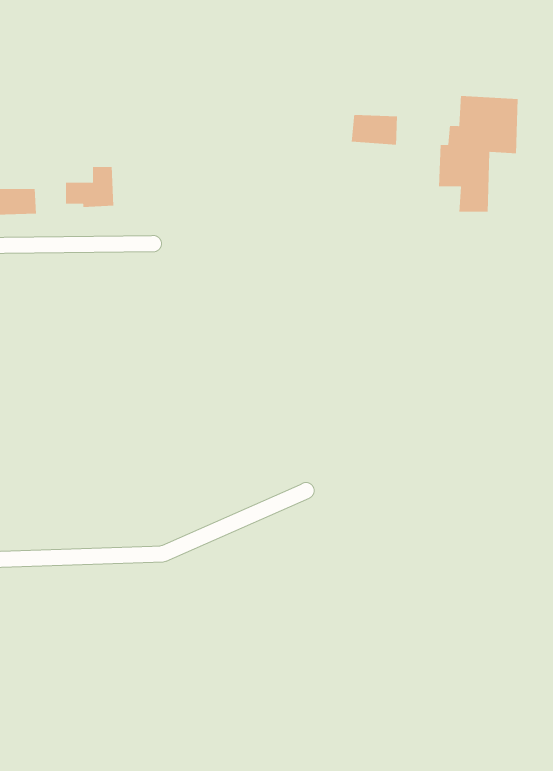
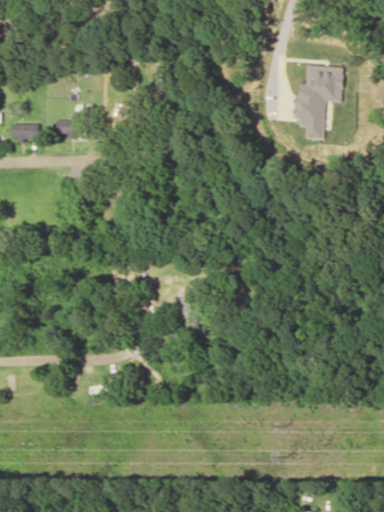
building: [351,114,398,145] -> none

